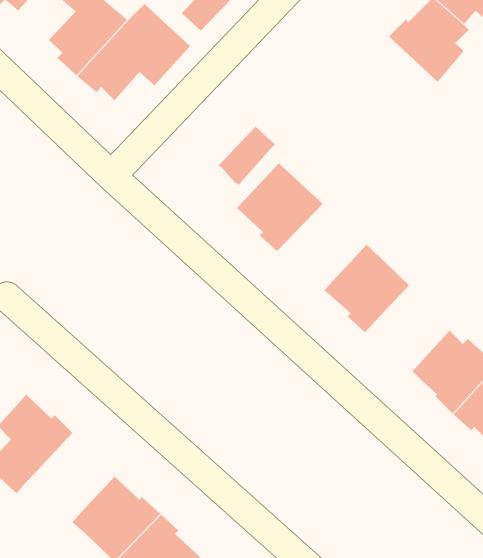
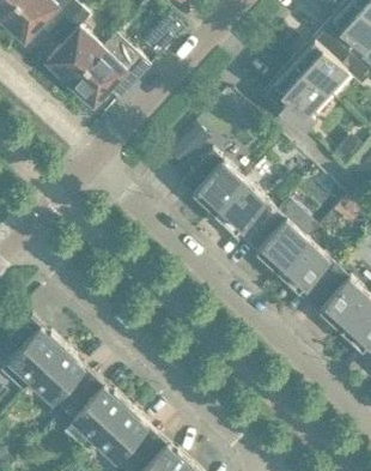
building: none -> [262,61,328,133]
building: none -> [212,182,276,244]
building: none -> [275,241,340,303]
building: none -> [32,348,95,421]

